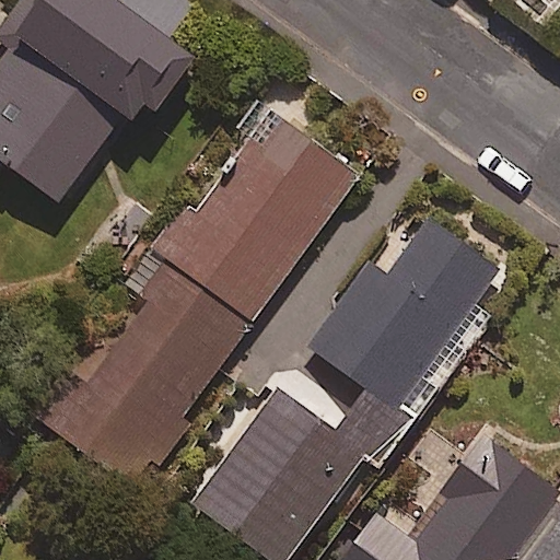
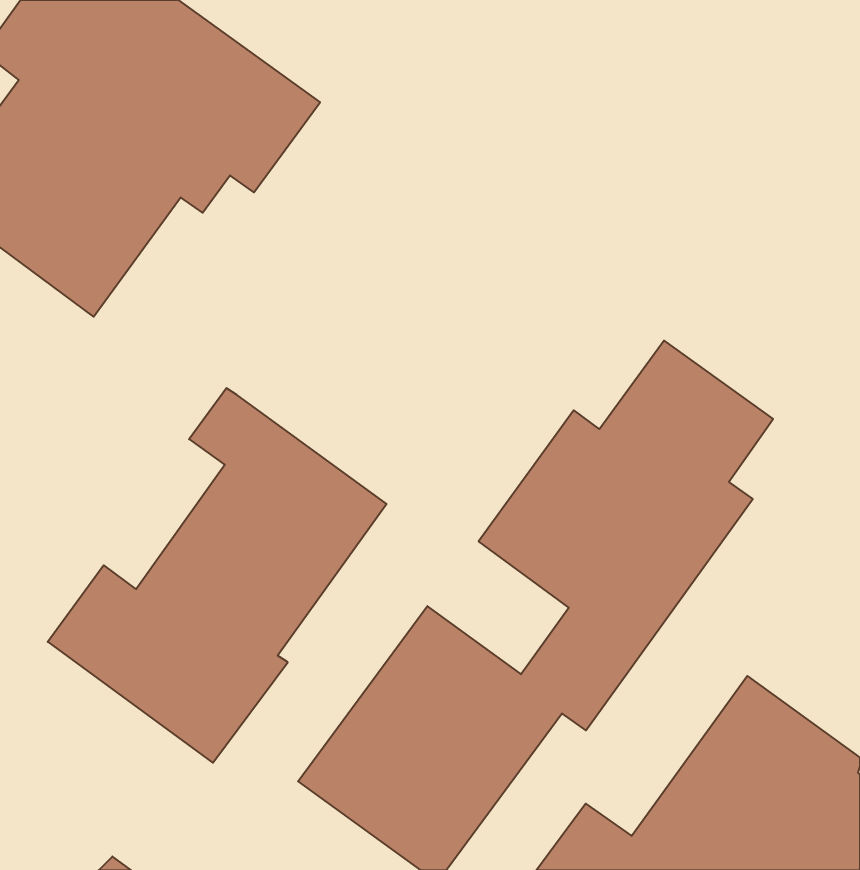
building: [152,101,358,324] -> none

